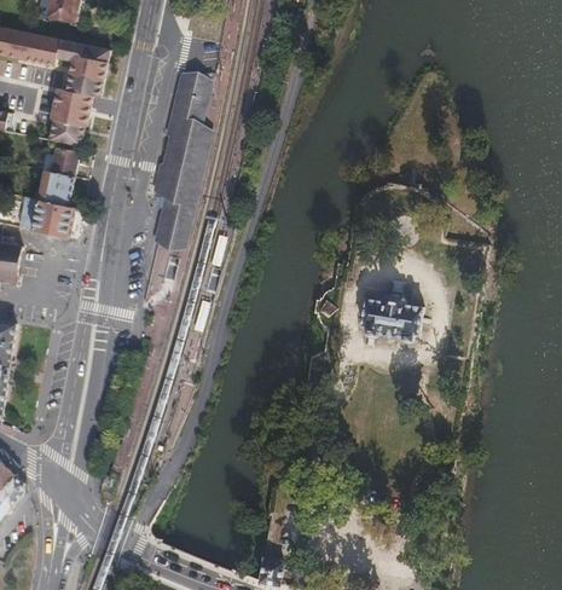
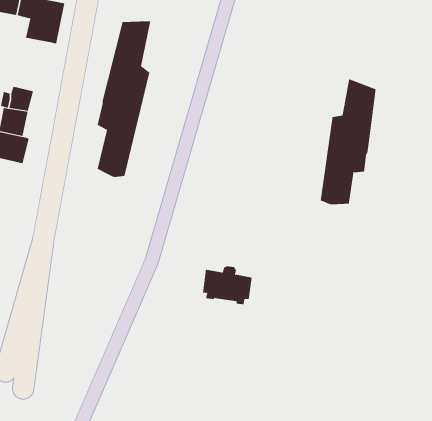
building: [50,88,99,148] -> none
building: none -> [320,79,376,205]
building: [363,294,421,339] -> [202,266,253,305]

